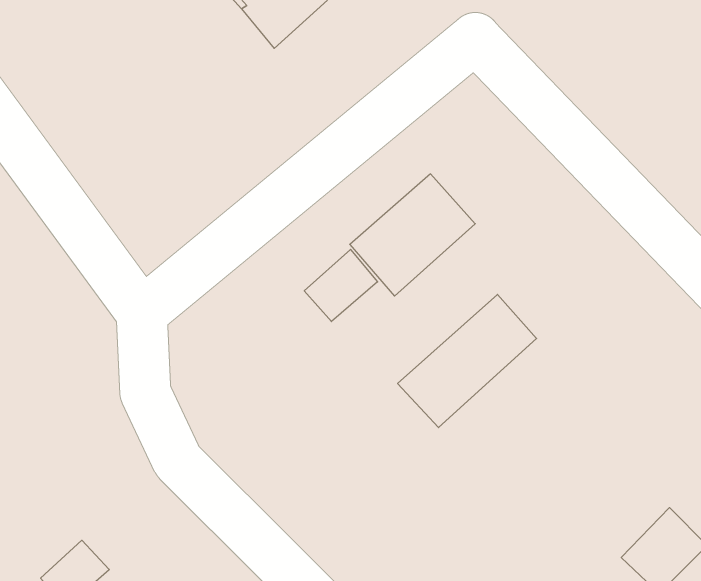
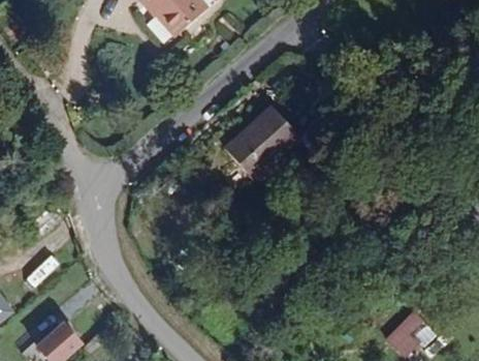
building: [304,249,378,322] -> none
building: [398,294,537,428] -> none

